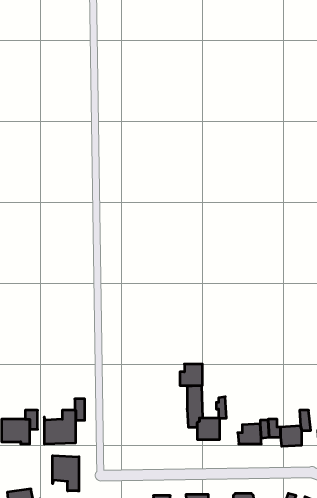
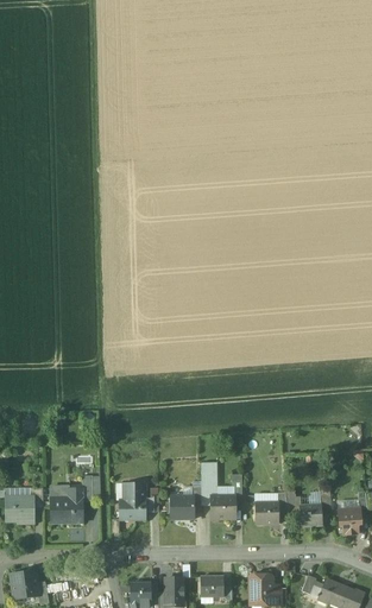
building: [180,364,202,385] -> [170,495,194,518]
building: none -> [119,482,146,519]
building: [53,456,79,491] -> none

